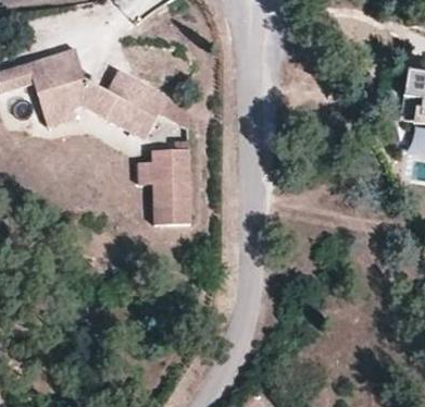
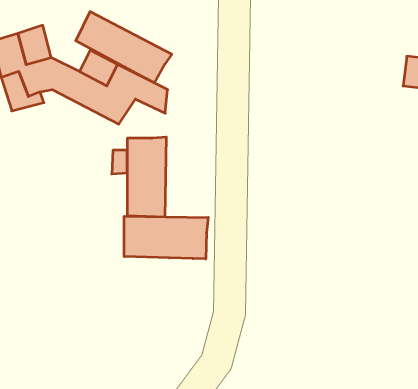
building: none -> [76,12,172,83]
building: none -> [124,216,208,259]

